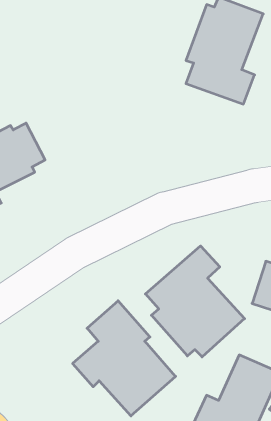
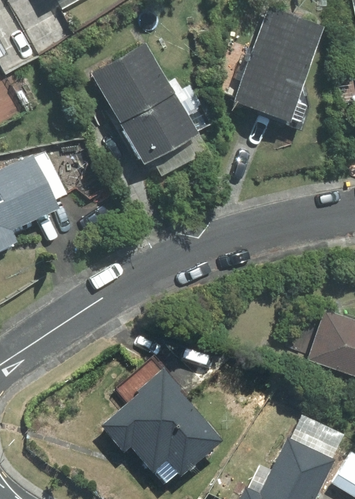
building: none -> [88,38,216,177]
building: [145,246,245,357] -> none

